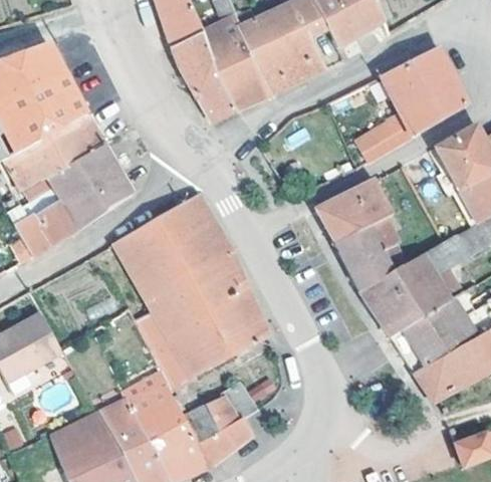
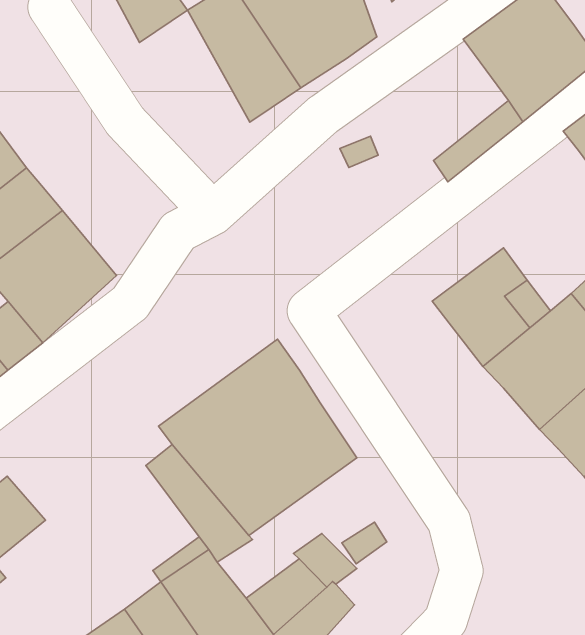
building: [171,30,234,119] -> none
building: [314,178,389,242] -> none
building: [112,194,230,295] -> none

